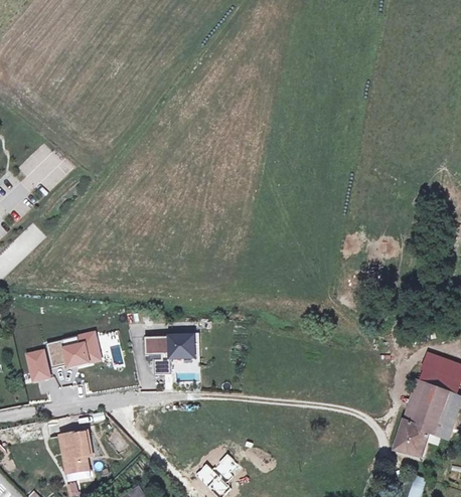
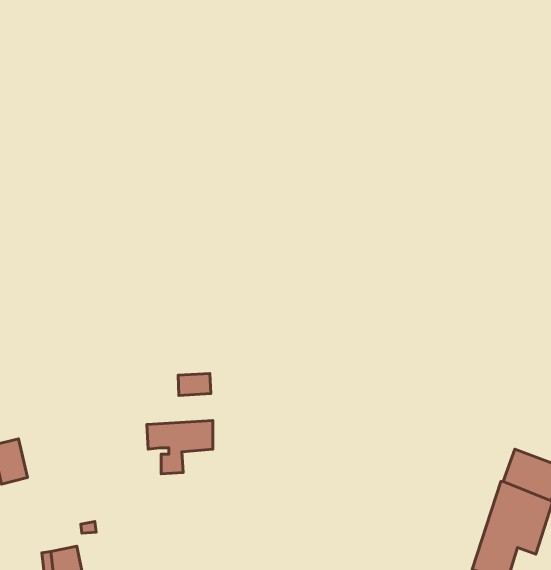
building: none -> [178,373,211,395]
building: [44,331,101,369] -> none

